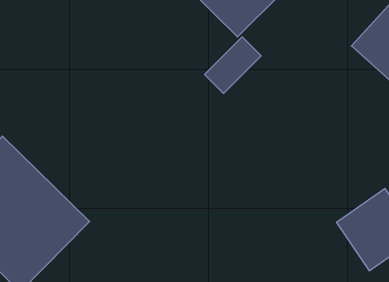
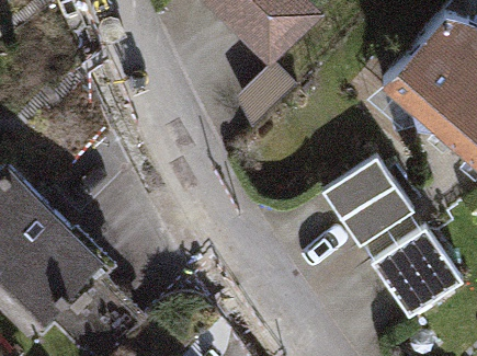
building: none -> [328,159,417,246]

